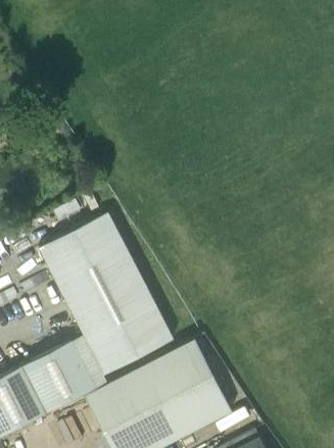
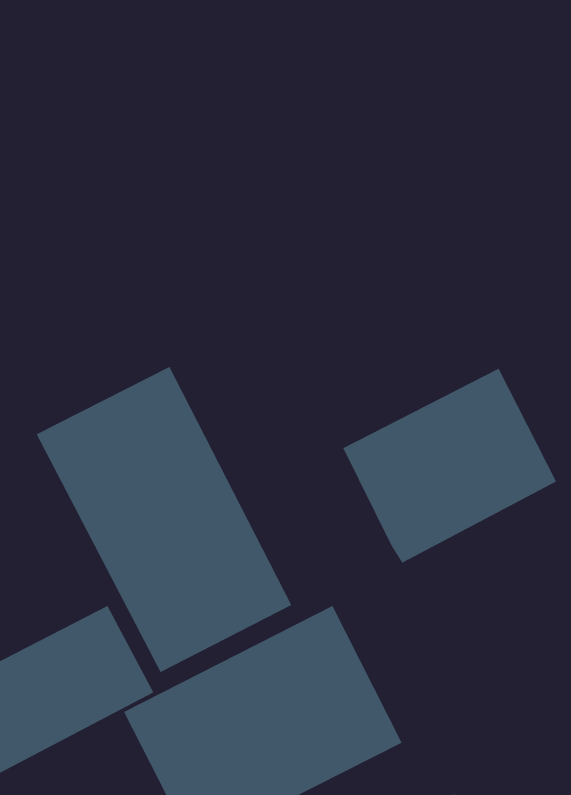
building: none -> [343,368,557,564]

